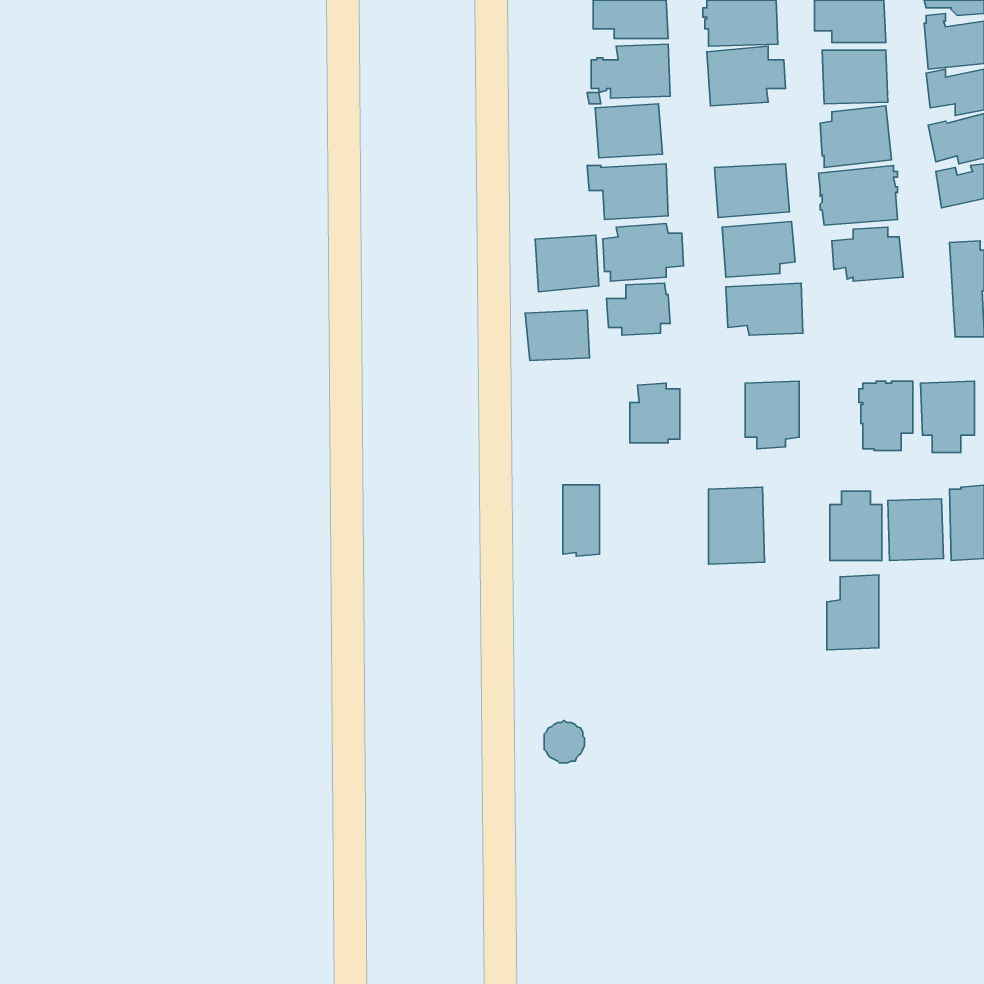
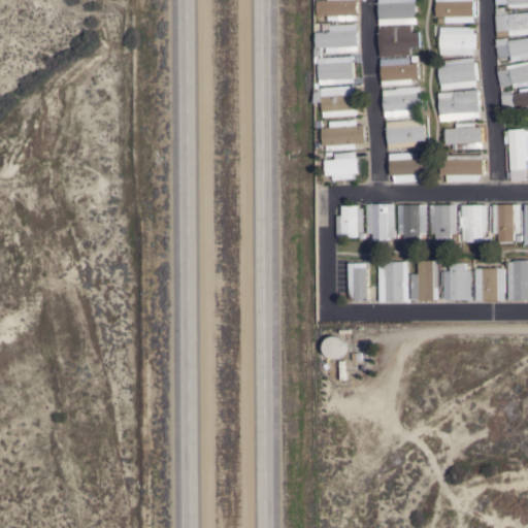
building: none -> [381,57,420,86]
building: [535,235,599,292] -> none
building: none -> [441,155,484,183]
building: [525,310,589,361] -> none
building: none -> [367,203,396,240]
building: none -> [431,204,458,239]
building: [563,485,599,556] -> [349,263,368,301]
building: [827,575,879,650] -> [411,260,439,300]
building: [544,721,585,763] -> [325,336,346,359]

